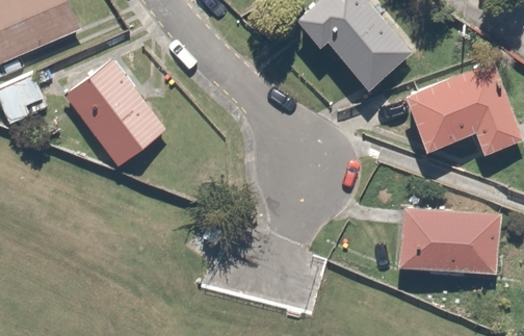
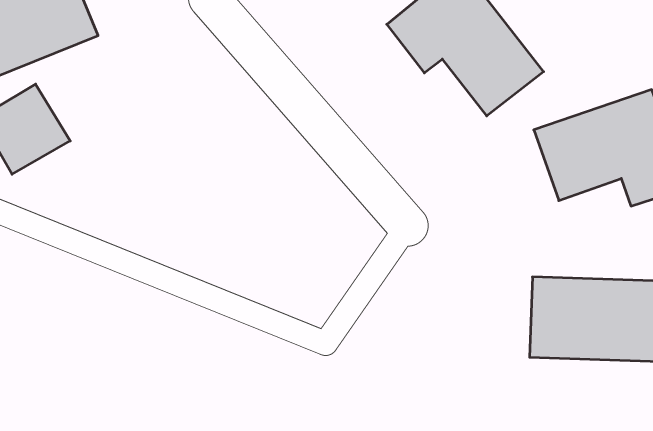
building: [62,58,169,171] -> none

